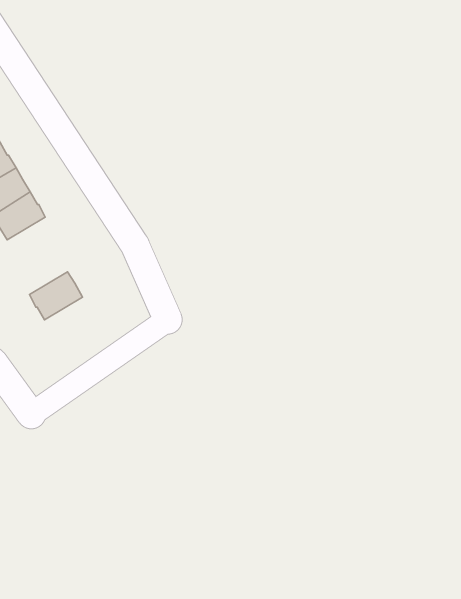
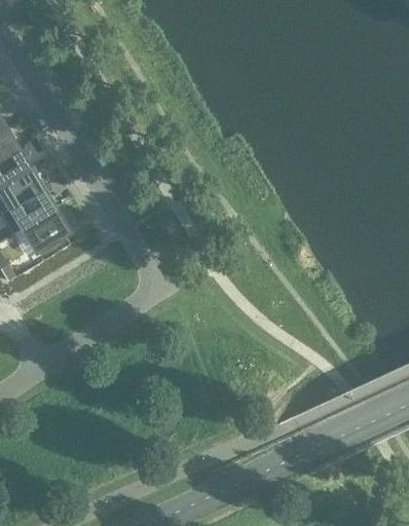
building: [29,272,83,320] -> [23,209,66,248]

